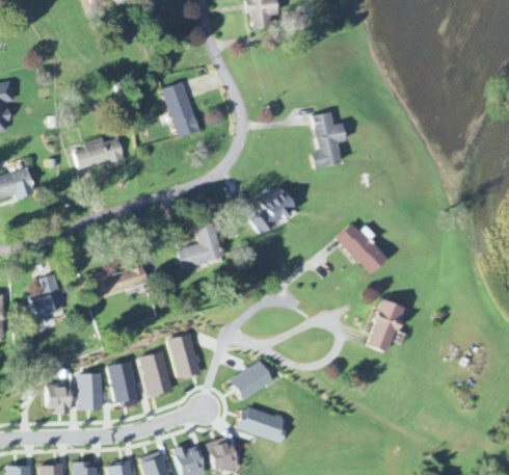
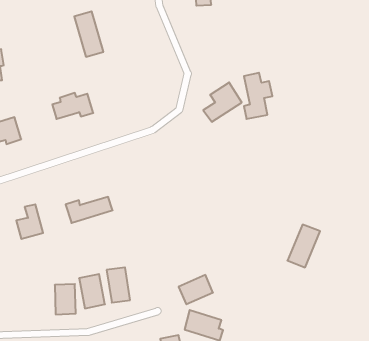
building: [162,81,198,137] -> [74,11,103,57]
building: [250,185,298,234] -> [203,82,242,122]
building: [177,222,222,267] -> none
building: [337,222,389,274] -> none
building: [169,334,200,379] -> none
building: [46,384,71,412] -> none

